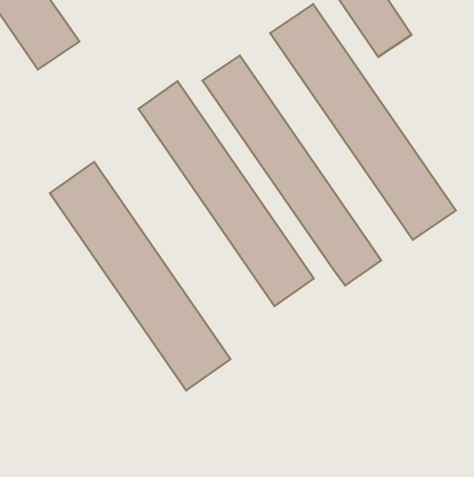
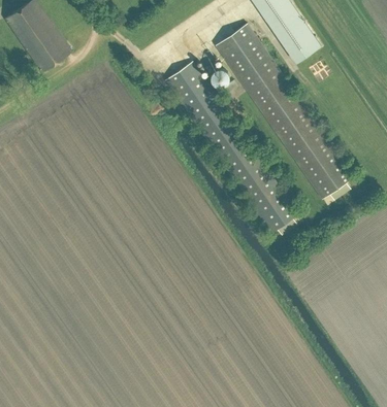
building: [138,81,314,306] -> none
building: [50,162,231,391] -> none

